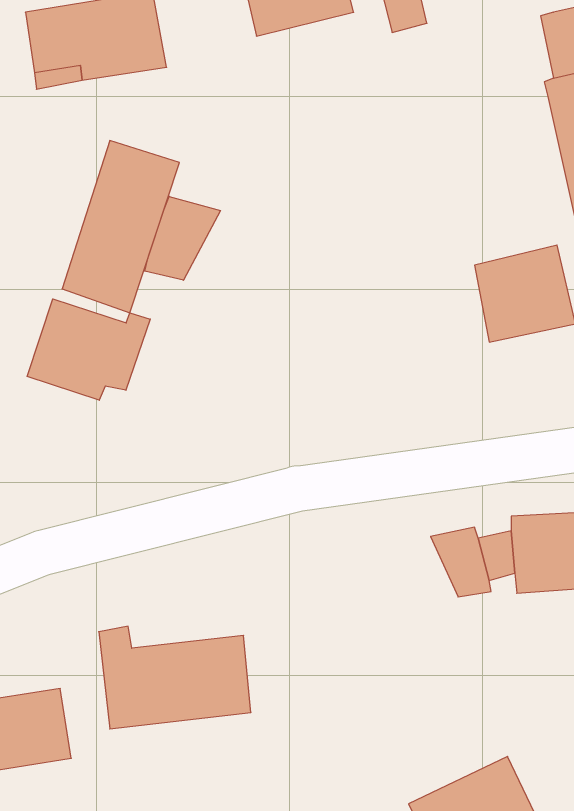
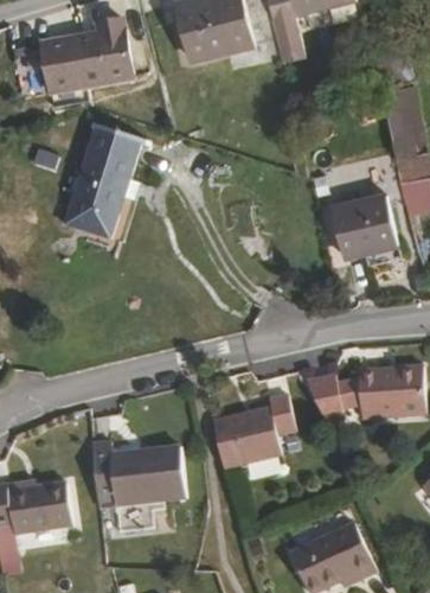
building: [145,196,220,280] -> none
building: [27,299,150,400] -> none
building: none -> [211,394,294,467]

